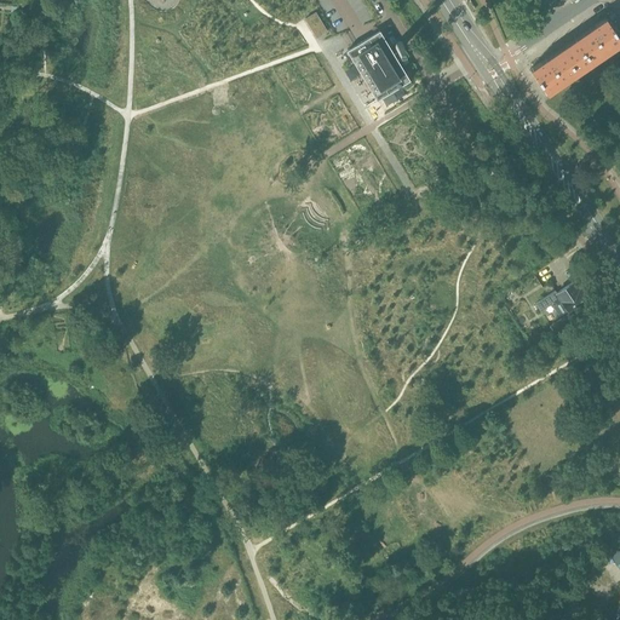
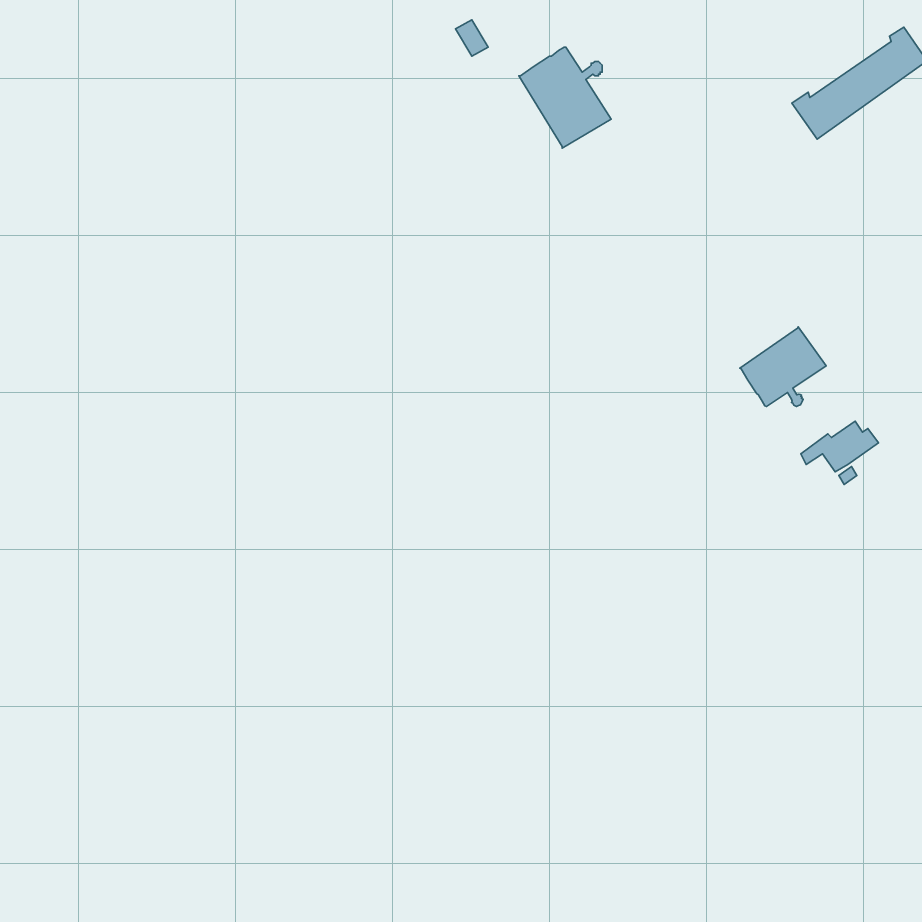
building: none -> [740,327,826,407]

